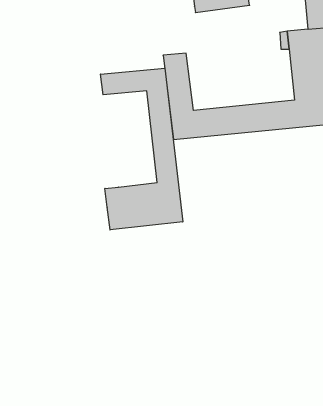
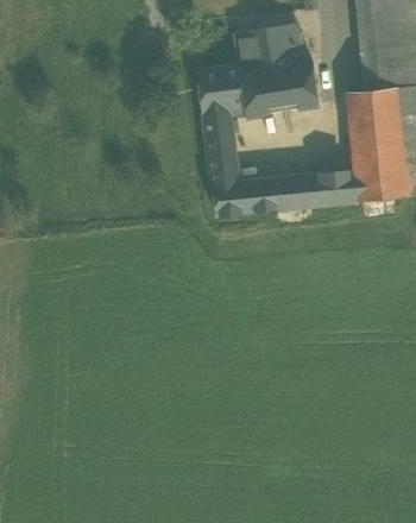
building: none -> [196,61,319,119]
building: [101,68,183,230] -> none

